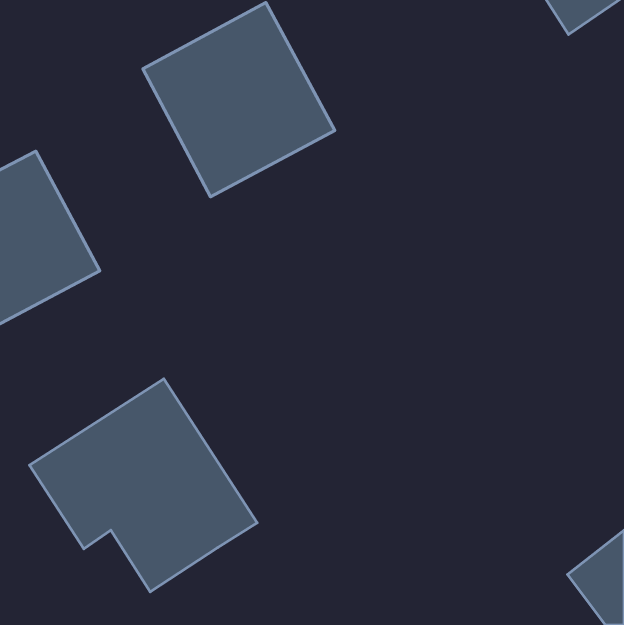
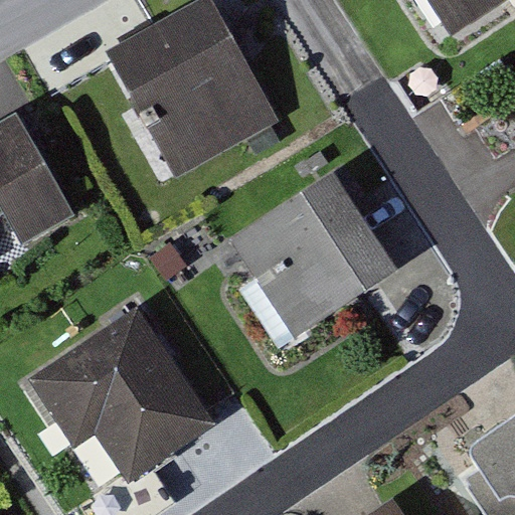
building: none -> [231,178,390,334]

